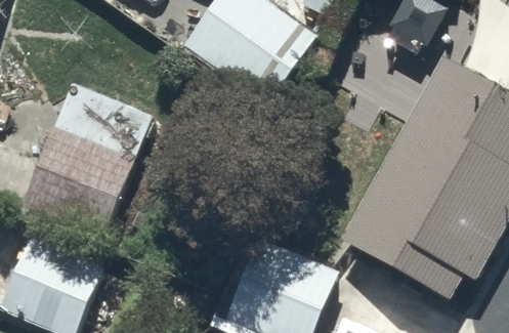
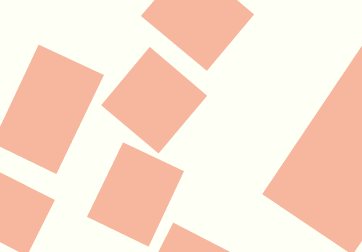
building: none -> [100,46,208,154]
building: none -> [86,141,185,247]

